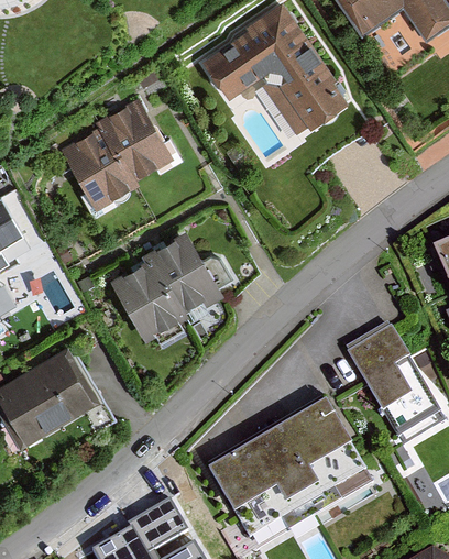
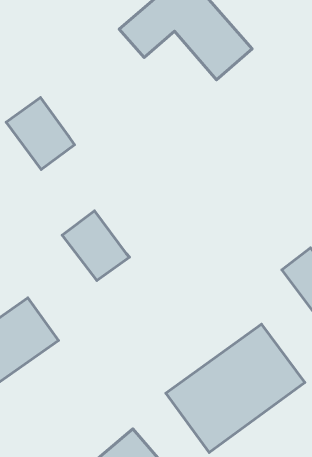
building: [102,100,171,175] -> none
building: [150,231,220,310] -> none

